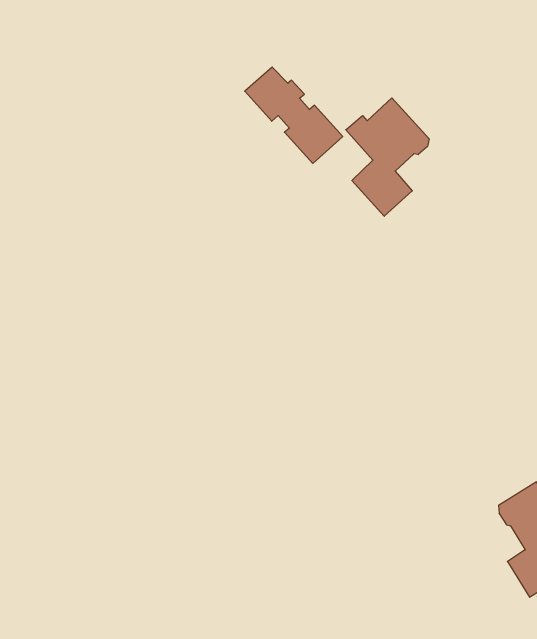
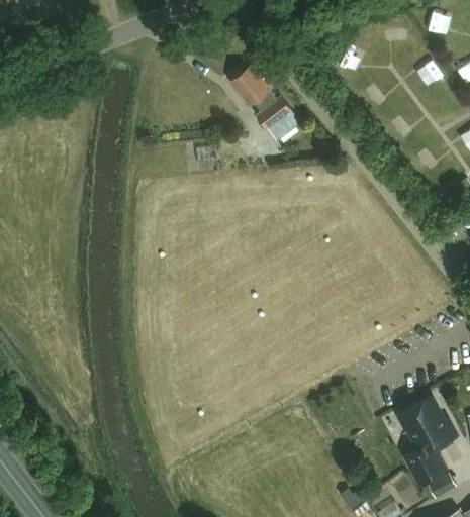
building: [346,98,429,216] -> none

